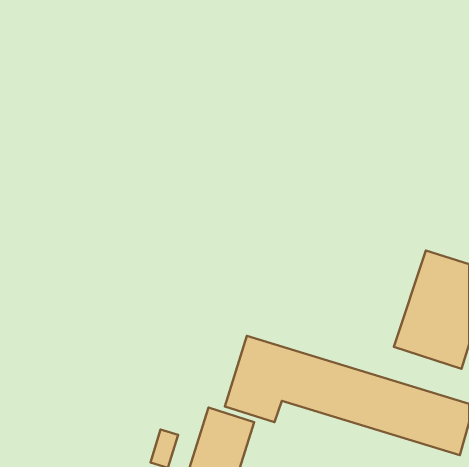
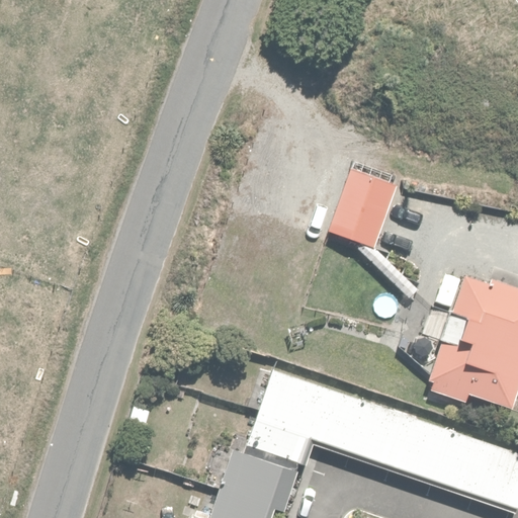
building: none -> [333,176,397,256]

